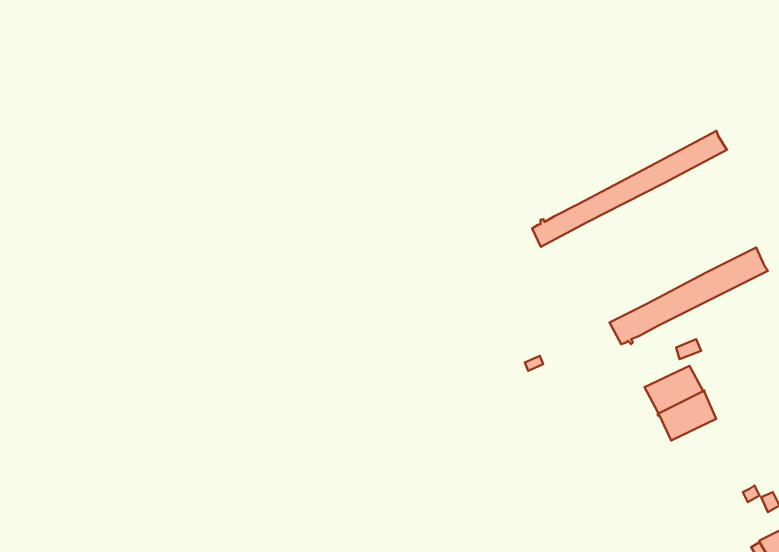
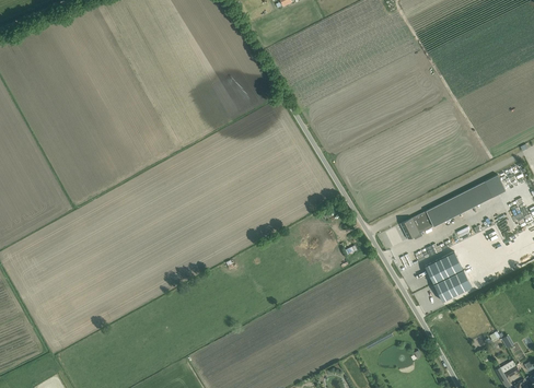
building: [532,131,727,247] -> none

